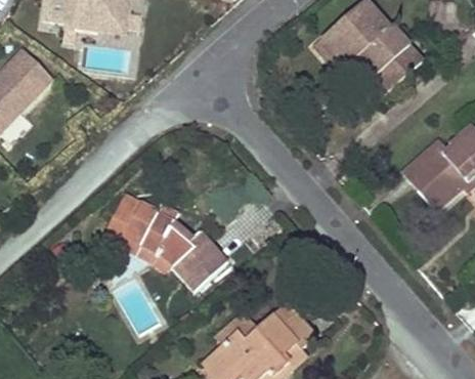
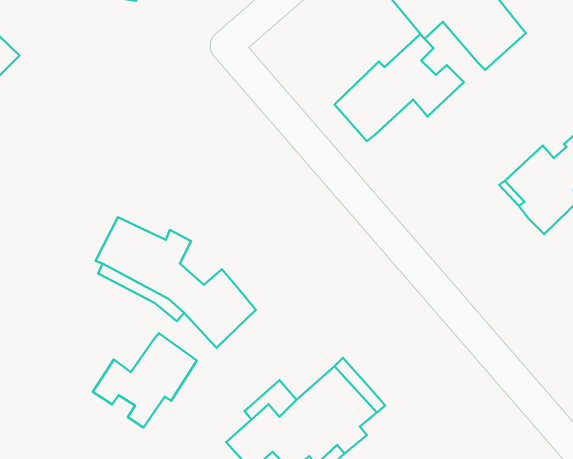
building: none -> [335,34,464,141]
building: none -> [93,333,197,428]

